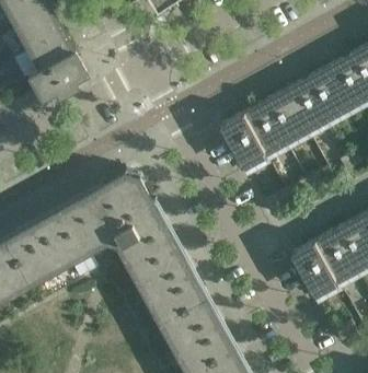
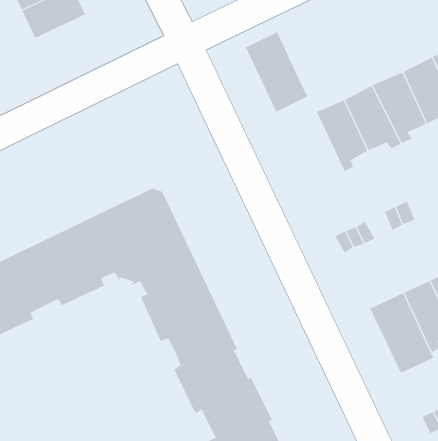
building: [27,50,85,98] -> none
building: [222,112,271,171] -> [245,31,308,112]

